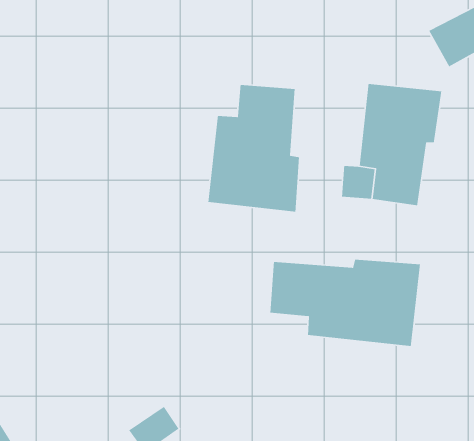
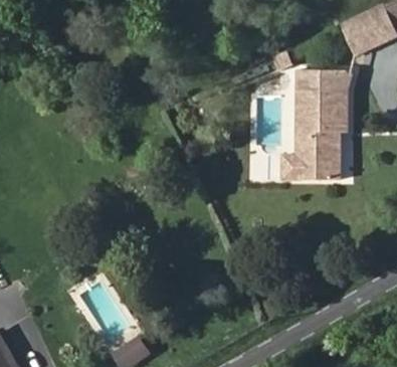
building: [208,84,300,213] -> none
building: [269,259,421,347] -> none

